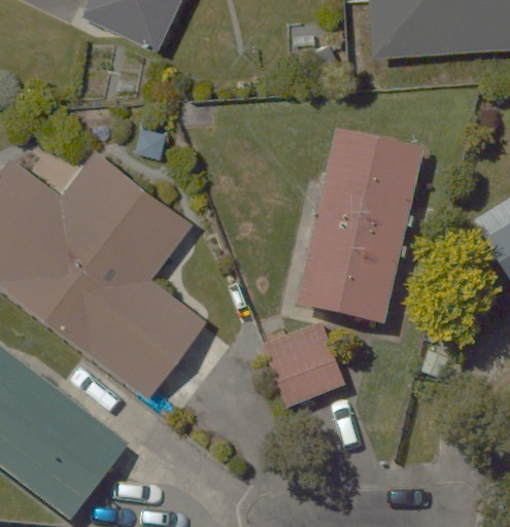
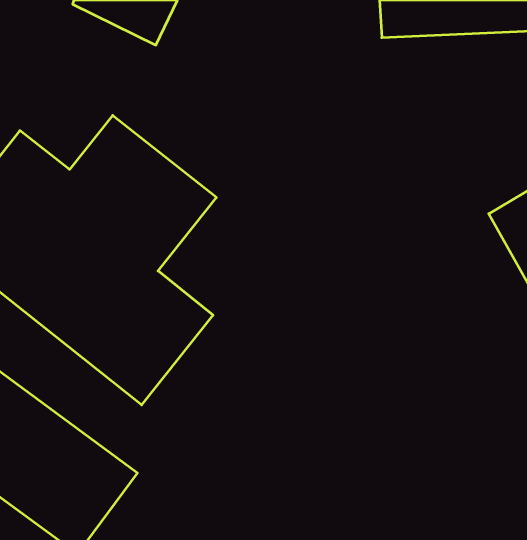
building: [292,129,428,323] -> none
building: [264,319,351,411] -> none

